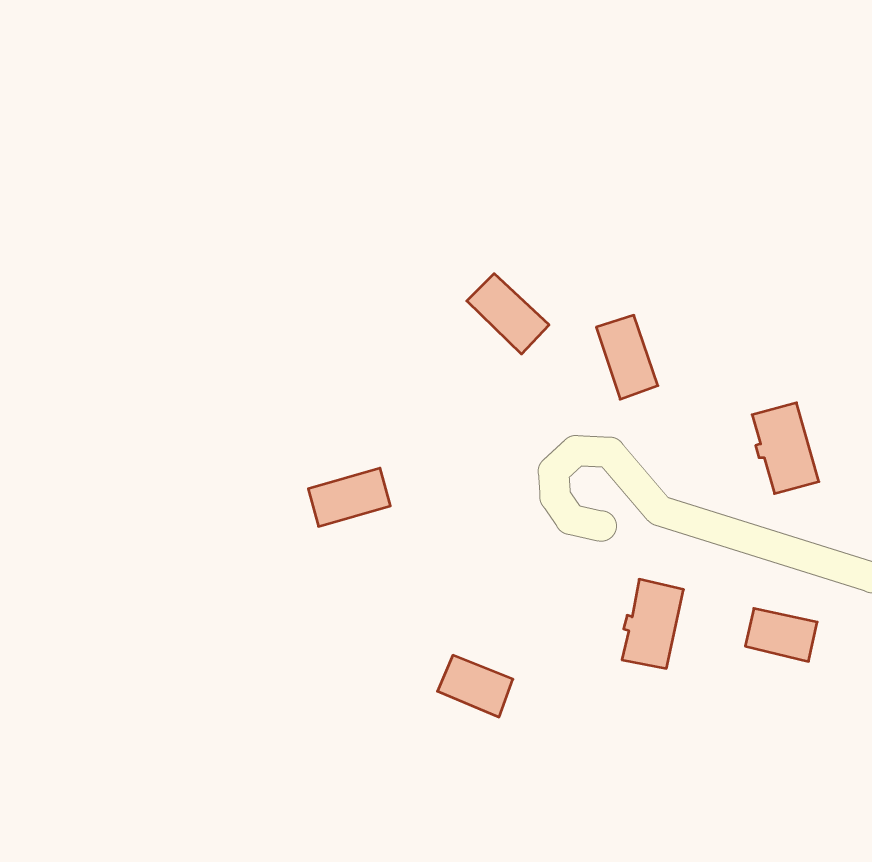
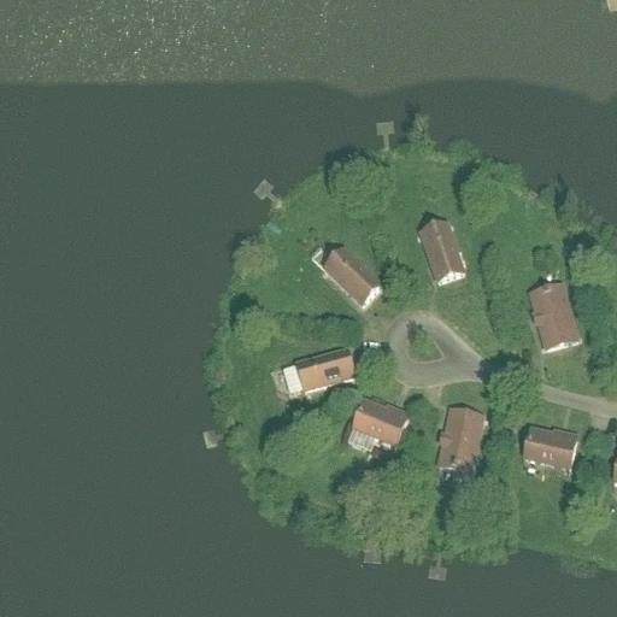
building: [467,274,549,354] -> [323,247,381,304]
building: [308,468,390,526] -> [295,348,353,389]
building: [437,655,513,717] -> [353,399,406,442]

